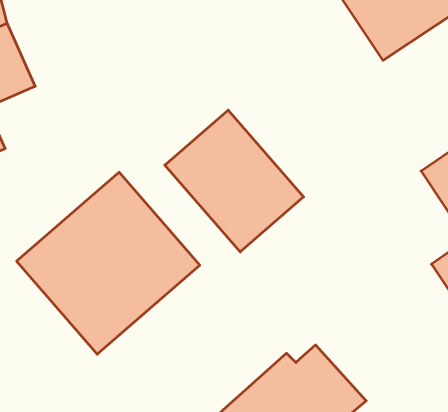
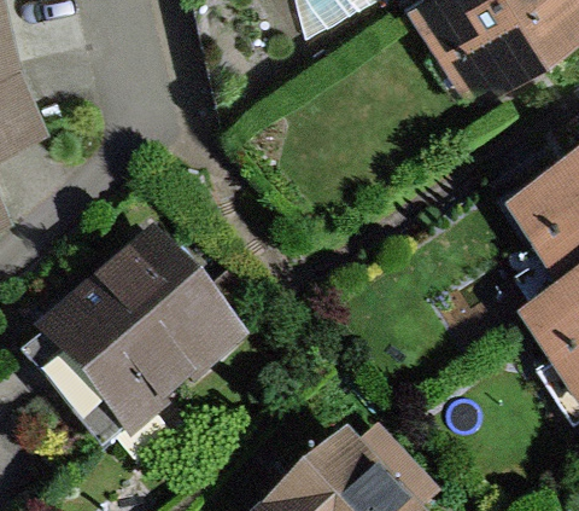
building: [165,110,304,252] -> none

